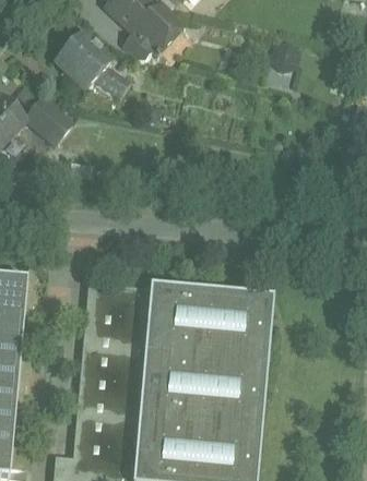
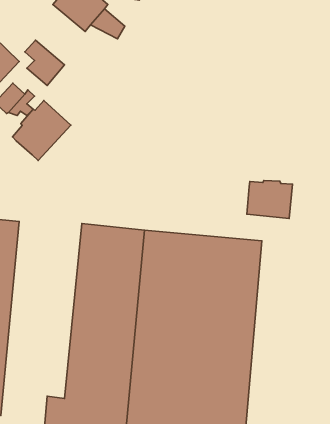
building: none -> [12,100,71,161]
building: none -> [247,180,292,218]

